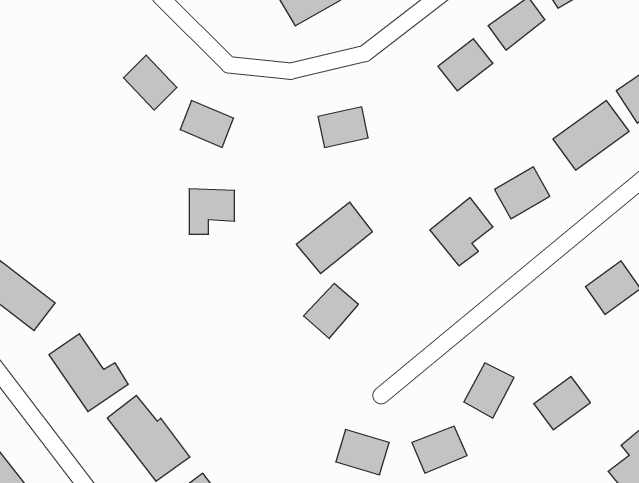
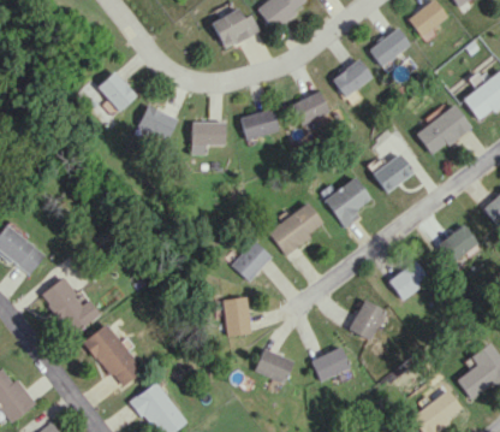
building: none -> [290,90,329,128]
building: [189,189,235,234] -> [192,122,226,155]
building: [296,202,372,274] -> [267,202,323,255]
building: none -> [222,297,249,336]
building: [534,376,590,430] -> [388,260,430,300]

